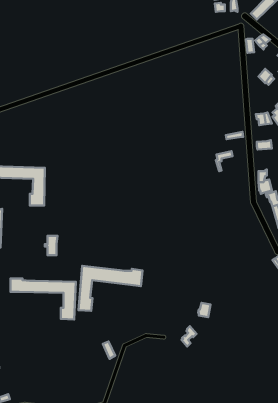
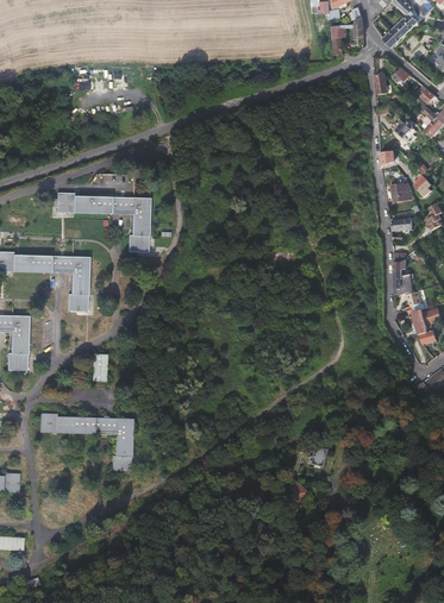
building: none -> [57,193,150,251]
building: [79,266,143,311] -> none

